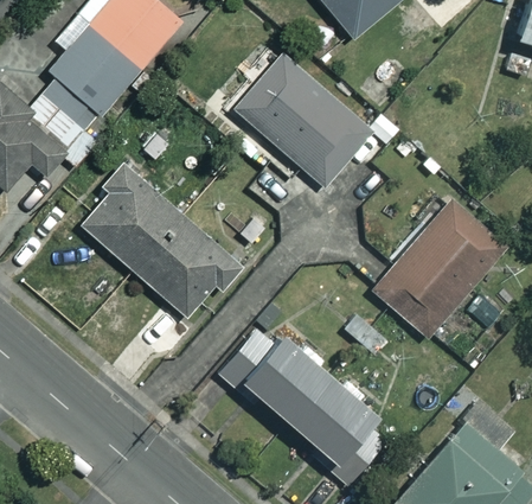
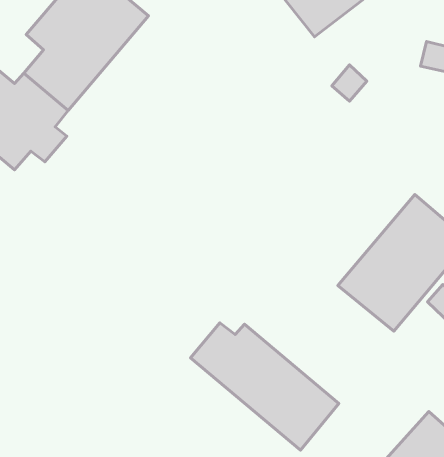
building: [233,52,402,189] -> none
building: [78,167,236,318] -> none

